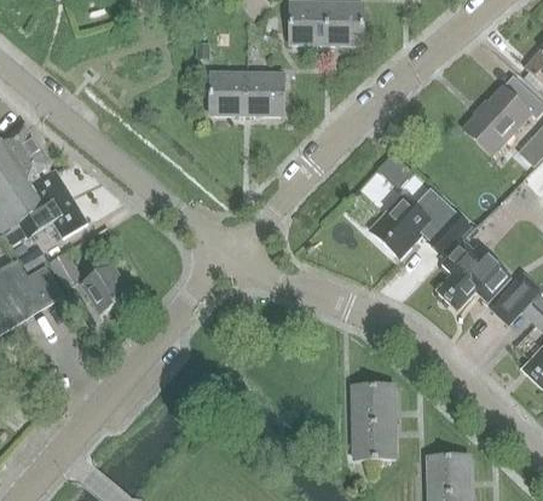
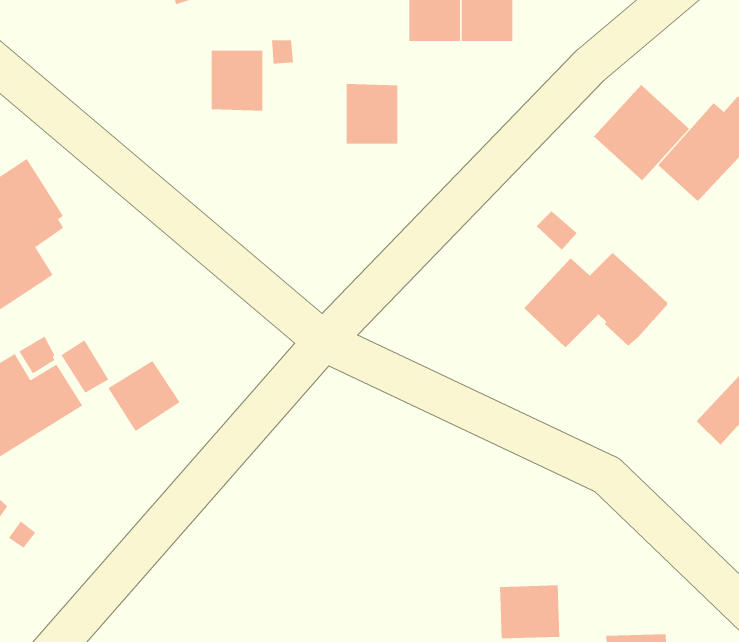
building: [210,71,247,114] -> [211,50,263,111]
building: none -> [593,84,690,181]
building: [16,169,87,237] -> none
building: [435,238,510,309] -> none
building: [352,384,394,421] -> none

